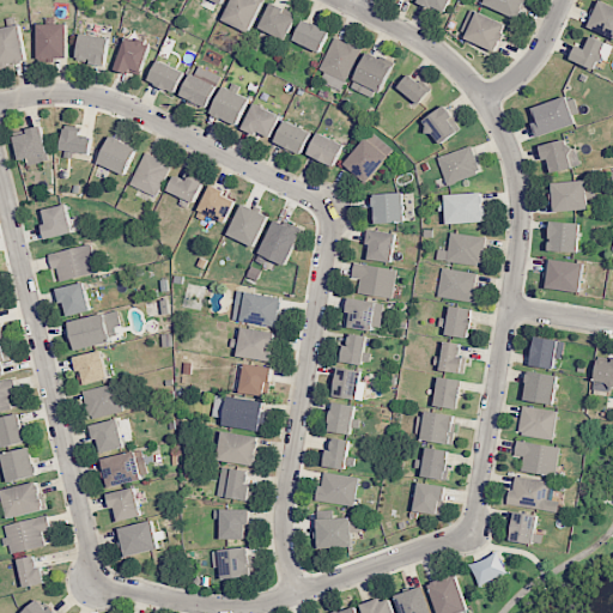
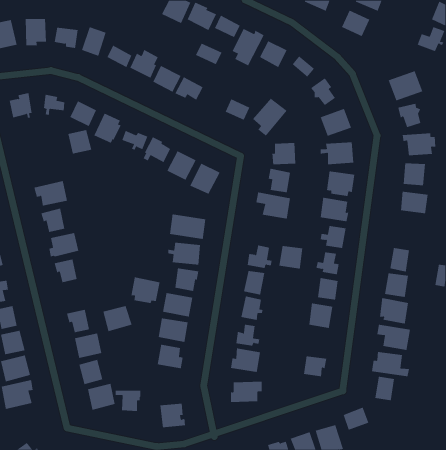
building: [272,122,309,152] -> [195,43,222,65]
building: [37,206,71,239] -> [68,130,92,154]
building: [341,298,375,330] -> [278,245,303,269]
building: none -> [131,277,160,304]
building: [80,384,121,420] -> [102,305,132,332]
building: [412,448,447,480] -> none
building: [211,511,247,540] -> [115,390,141,411]
building: [17,558,44,588] -> none

